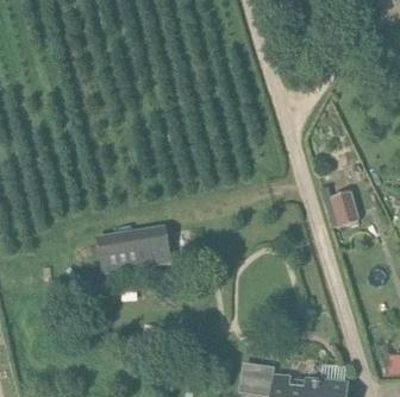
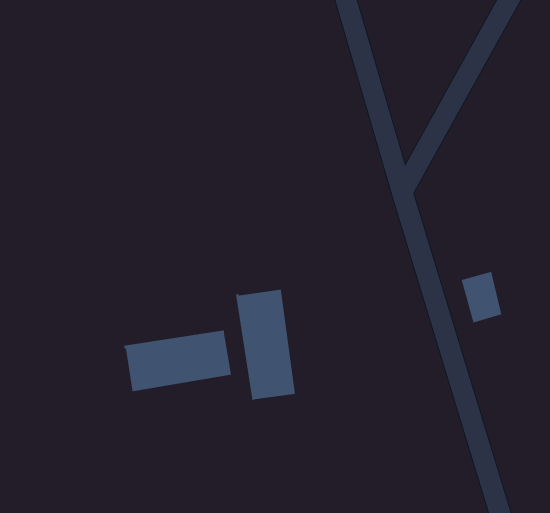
building: none -> [235,289,295,401]

